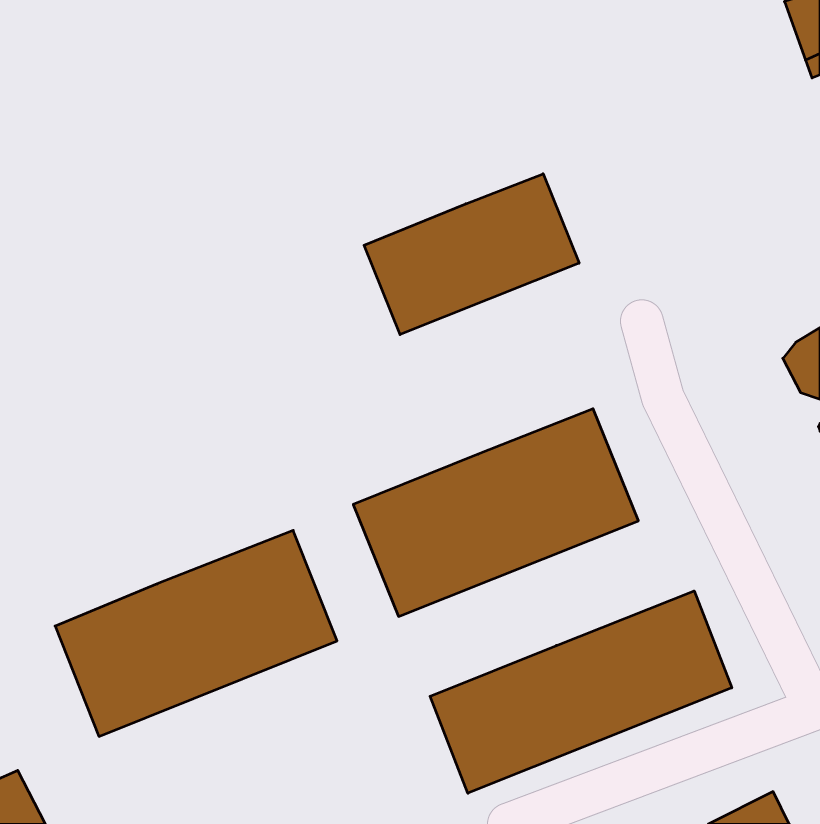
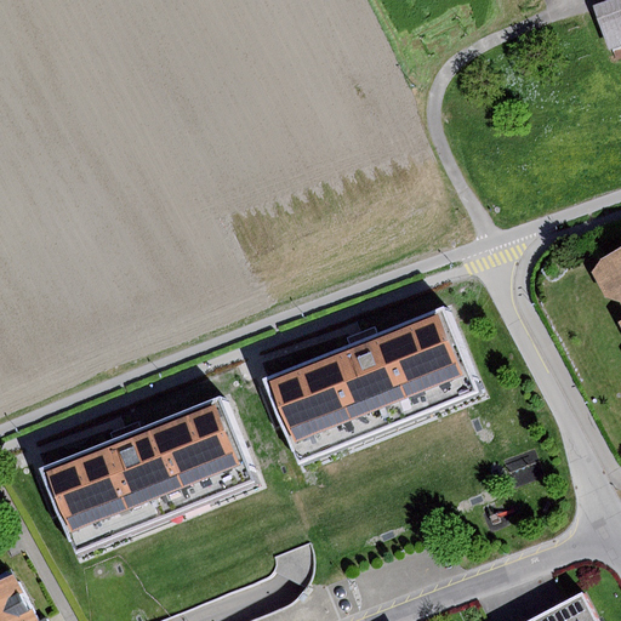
building: [364,174,579,335] -> none
building: [430,591,732,793] -> none

